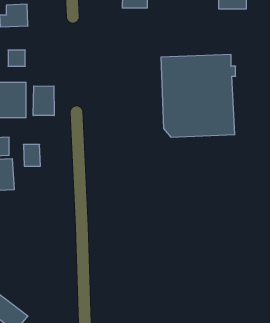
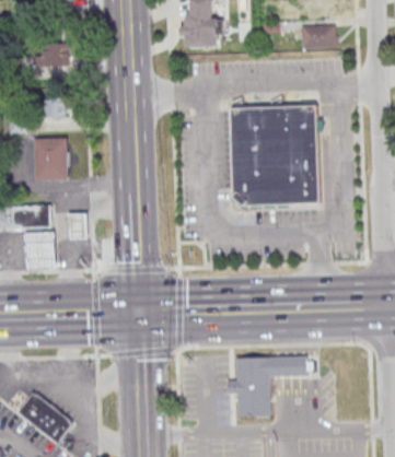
building: [33,86,54,116] -> none
building: none -> [232,354,305,414]

